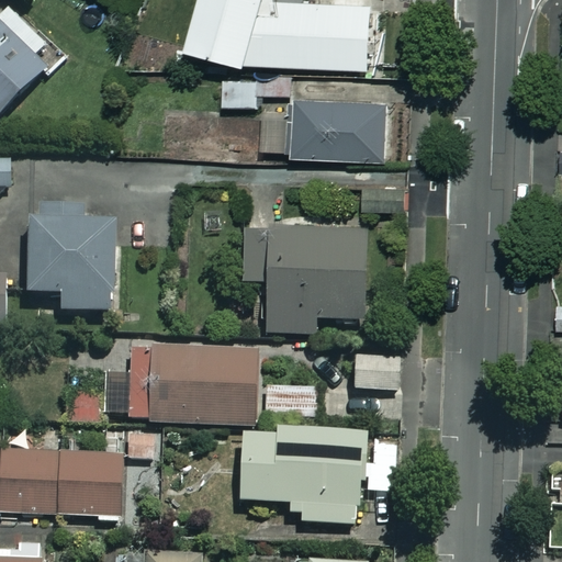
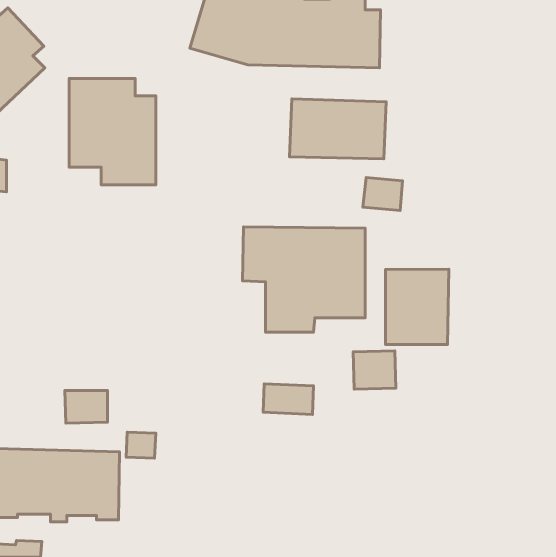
building: [29,202,115,308] -> [69,78,156,185]
building: none -> [386,269,449,345]
building: [125,345,257,424] -> none
building: [238,427,396,522] -> none

